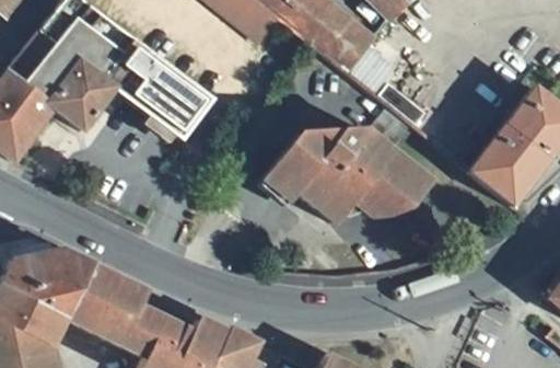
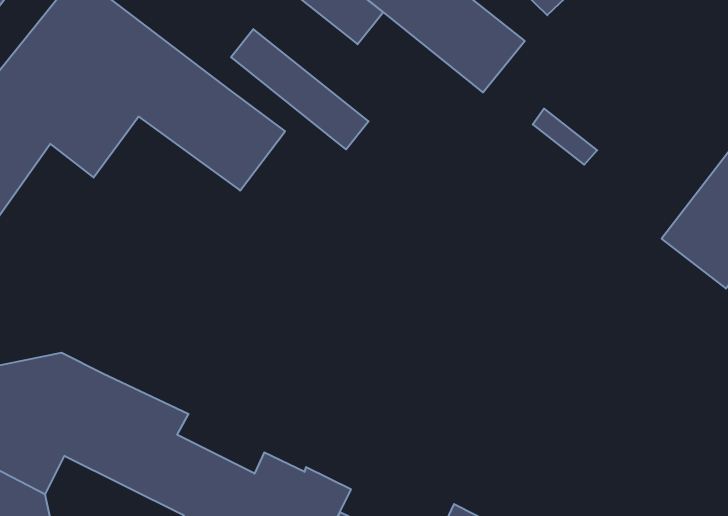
building: none -> [231,29,369,149]
building: [260,107,430,222] -> none

